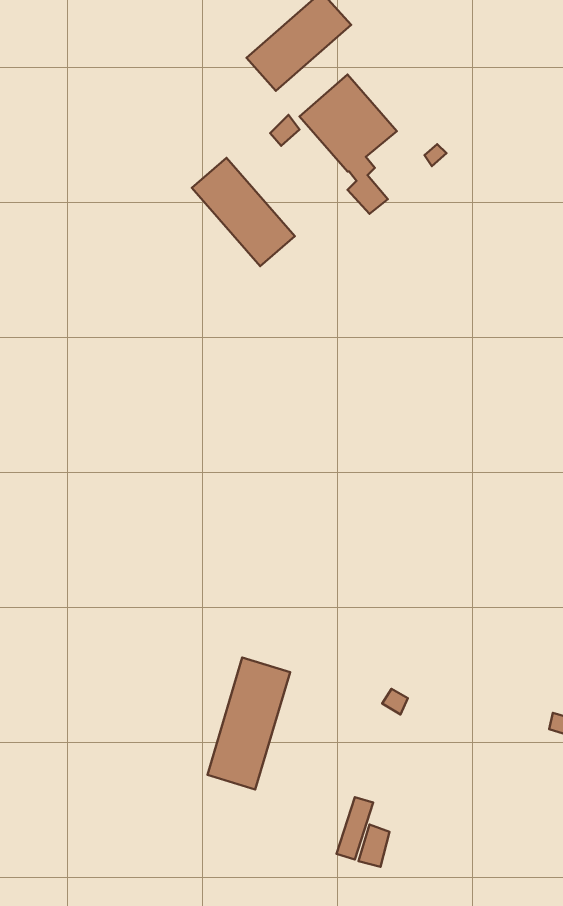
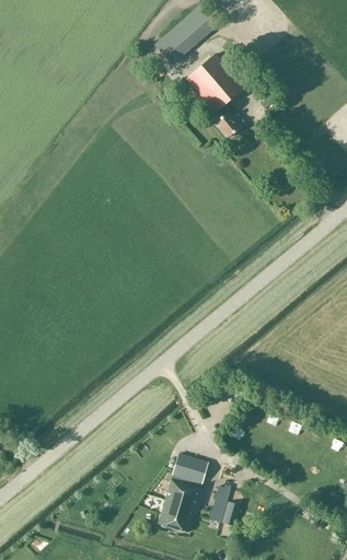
building: [192,158,295,266] -> none
building: [207,658,290,790] -> [158,453,207,532]

